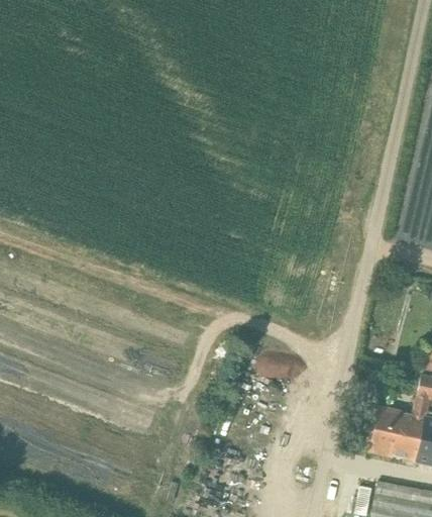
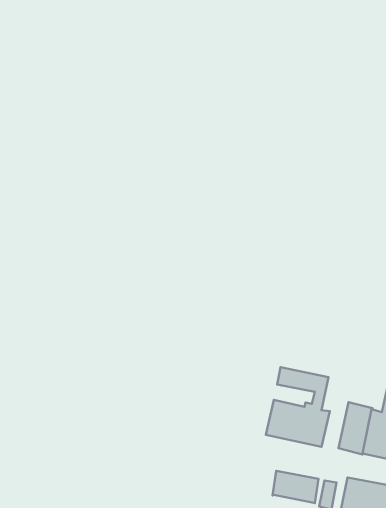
building: none -> [266,367,330,447]
building: none -> [272,471,319,503]

